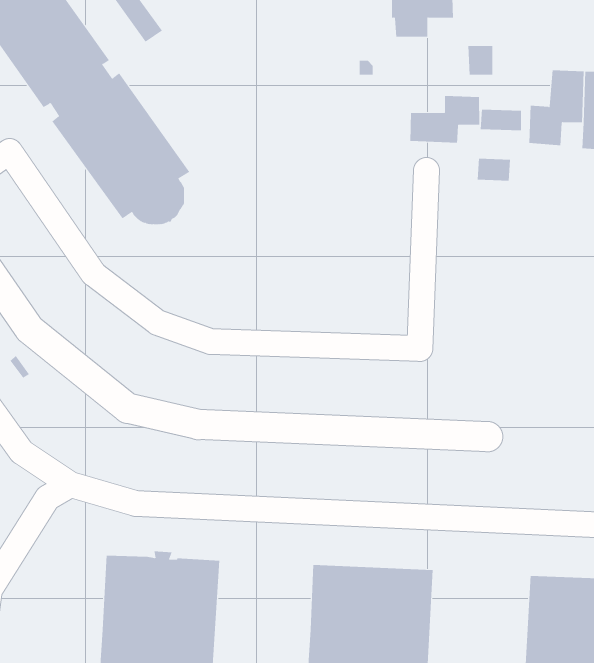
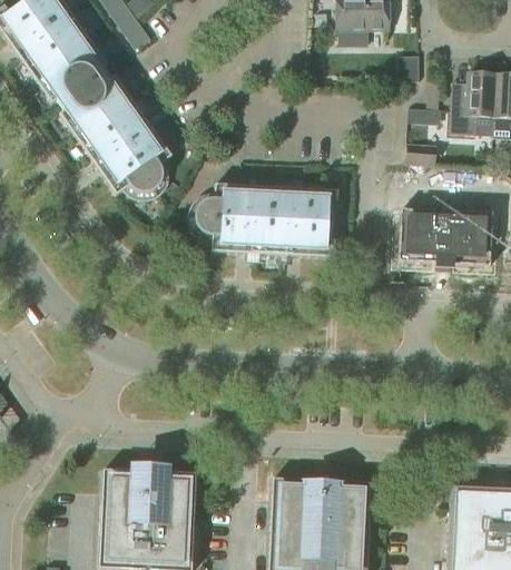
building: [410,95,480,143] -> none
building: none -> [188,185,337,258]
building: none -> [397,209,491,266]

